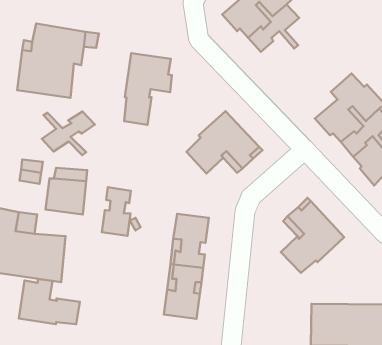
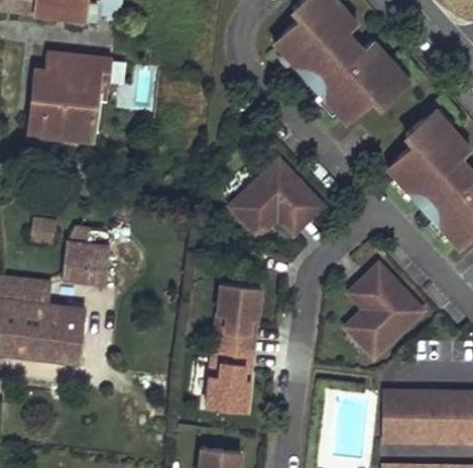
building: none -> [322,40,406,121]
building: [124,53,172,125] -> none
building: [42,112,95,155] -> none
building: [102,187,131,236] -> none
building: [19,279,80,324] -> none

